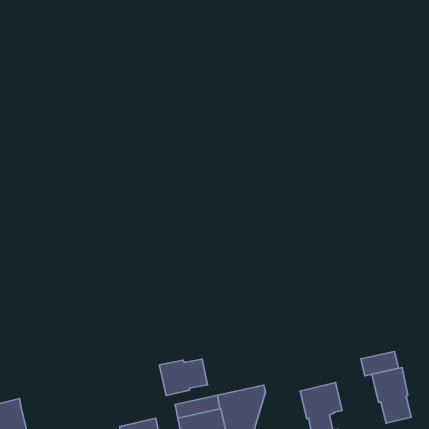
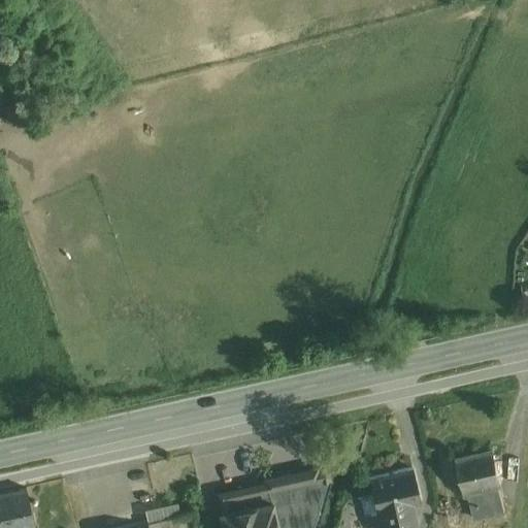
building: [361,351,399,376] -> none
building: [159,359,207,396] -> none

